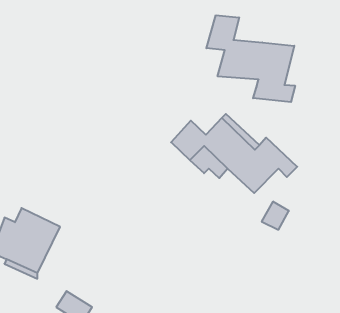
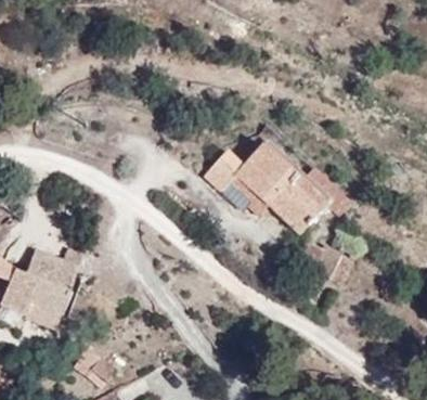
building: [206,15,295,102] -> none

